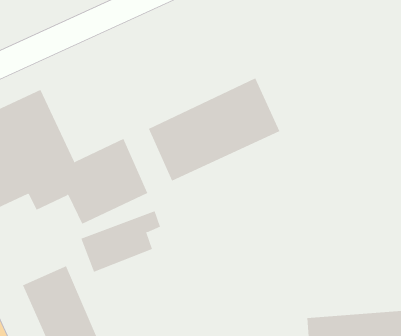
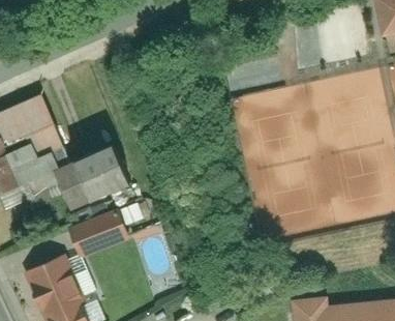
building: [148,77,280,182] -> none

